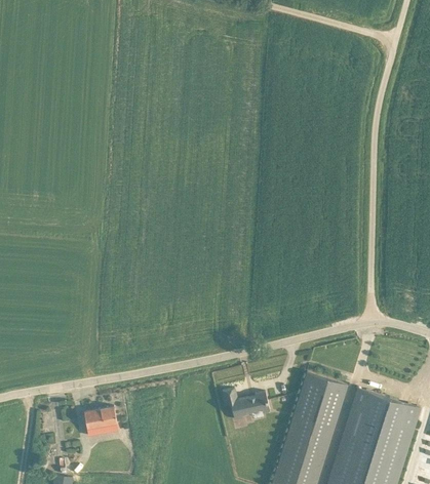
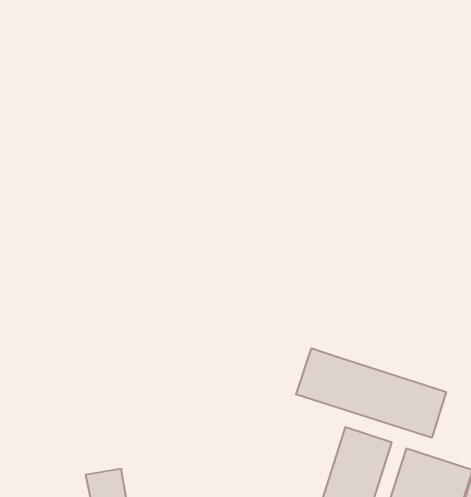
building: none -> [296,348,446,438]
building: [222,390,270,421] -> none

